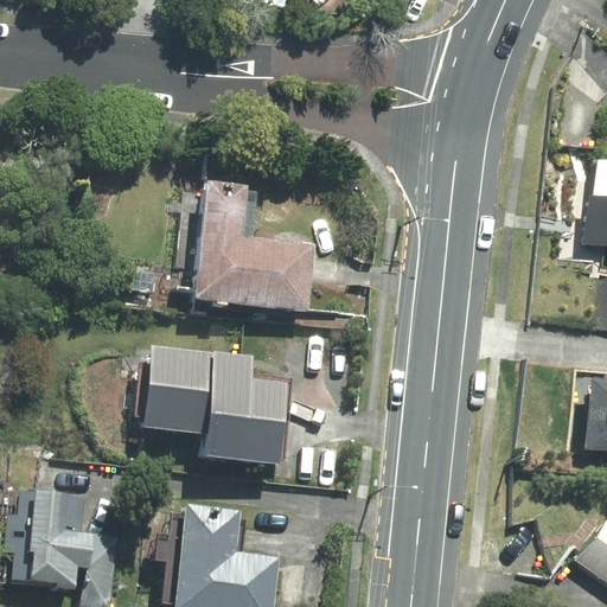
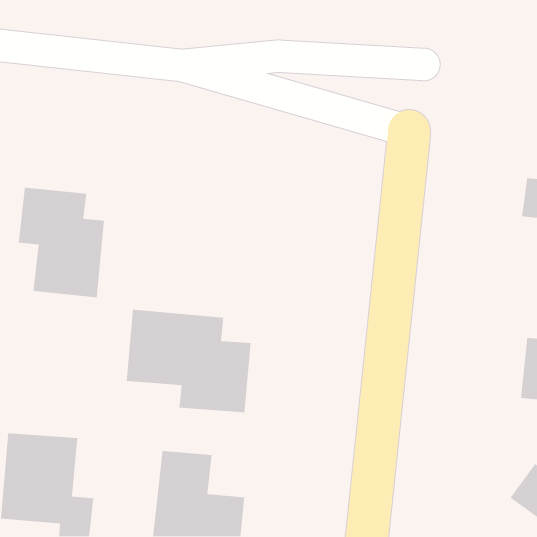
building: [194,181,317,313] -> none
building: none -> [18,187,105,298]

